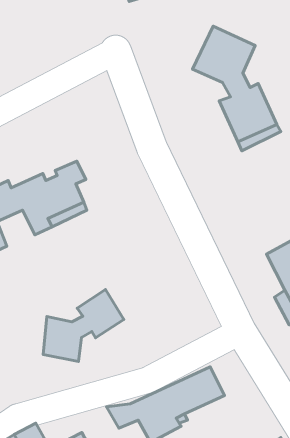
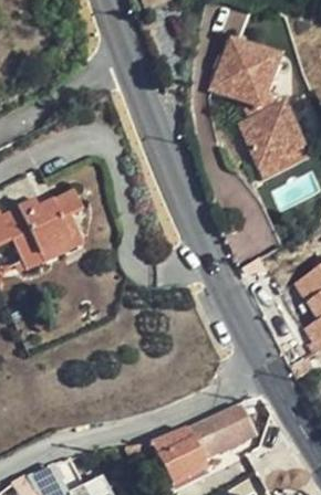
building: [43,290,124,362] -> none

